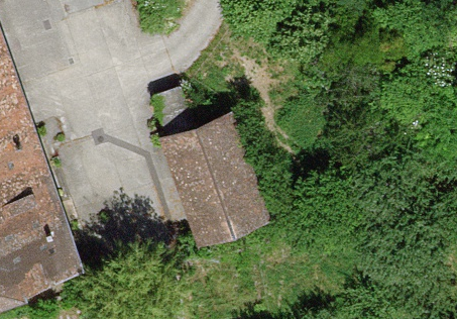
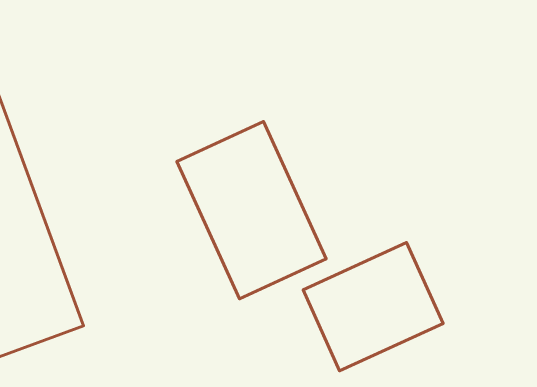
building: none -> [303,243,443,371]

